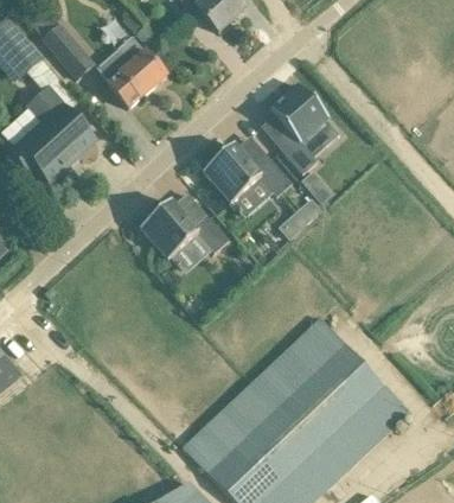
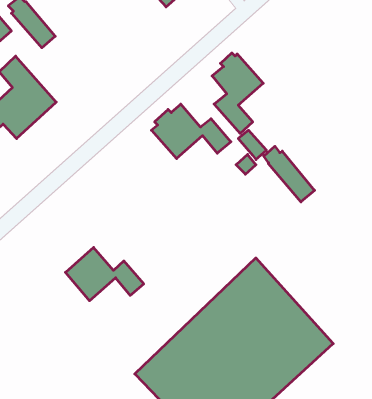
building: [96,37,166,108] -> none
building: none -> [264,146,315,202]
building: [140,199,229,260] -> [65,247,144,301]

